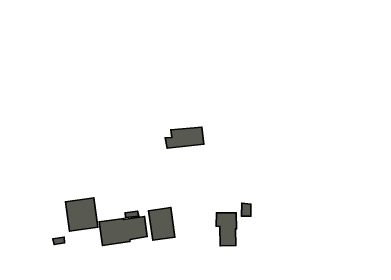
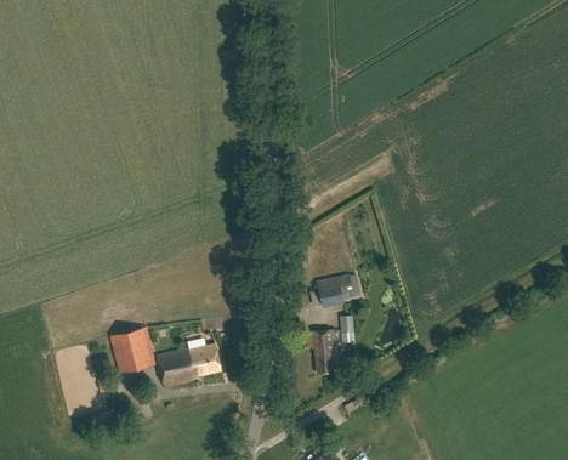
building: [165,127,204,148] -> [309,274,360,306]
building: [149,208,175,240] -> none

